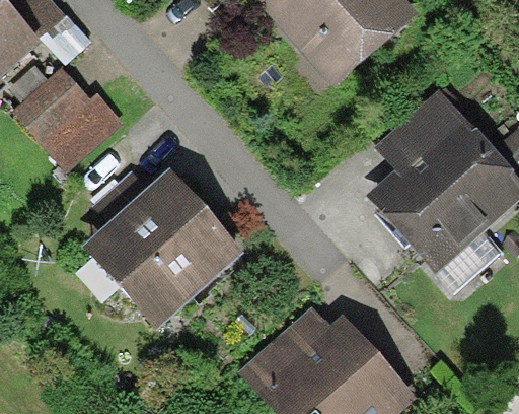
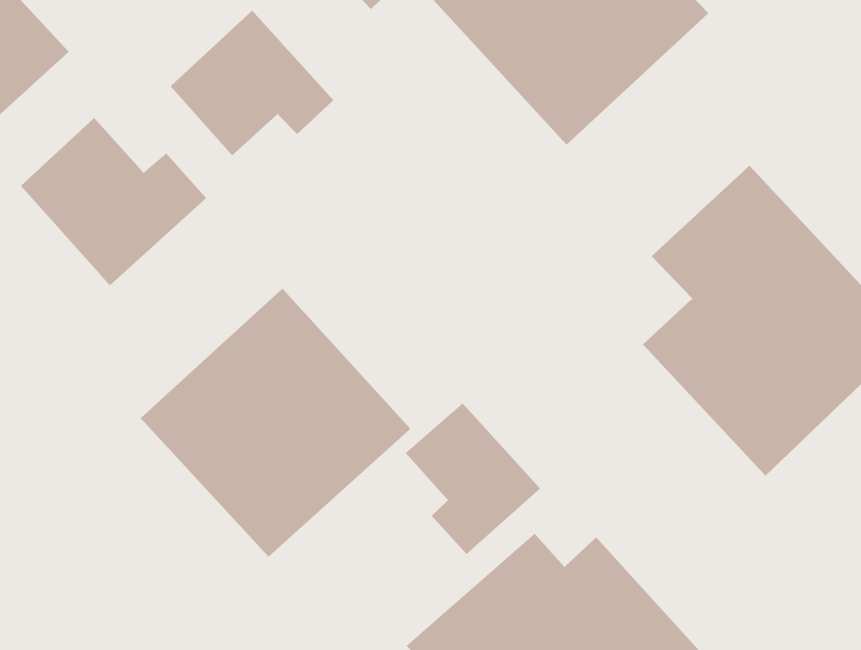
building: none -> [170,10,334,156]
building: none -> [405,402,541,555]

